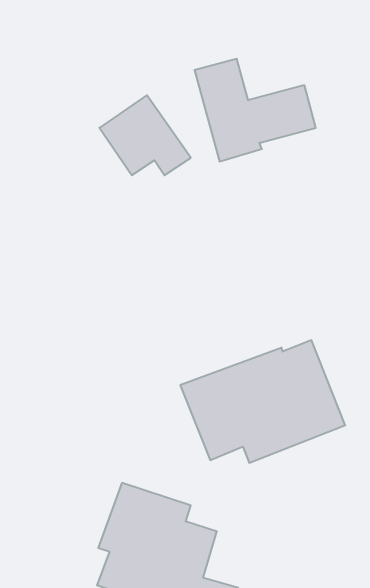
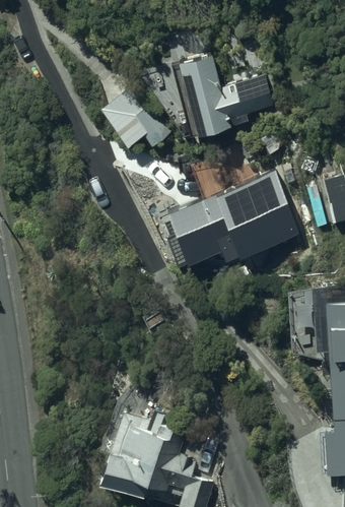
building: [180,340,345,463] -> [170,170,304,269]

